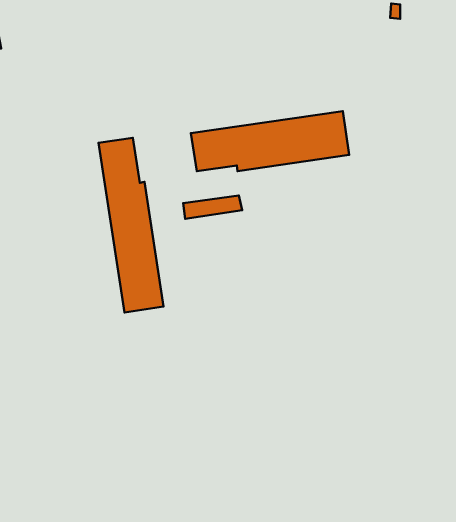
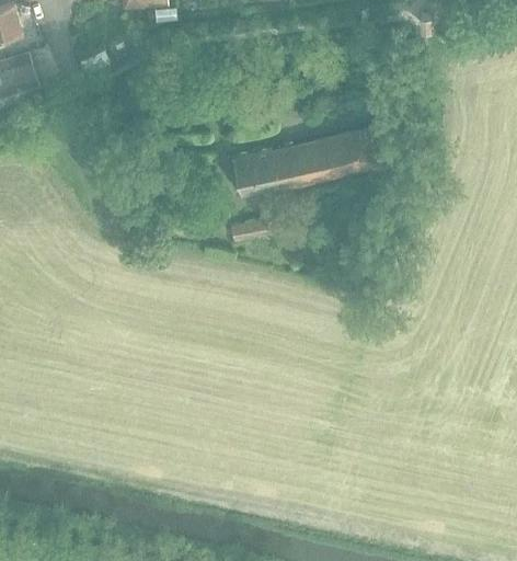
building: [99,138,163,312] -> none

